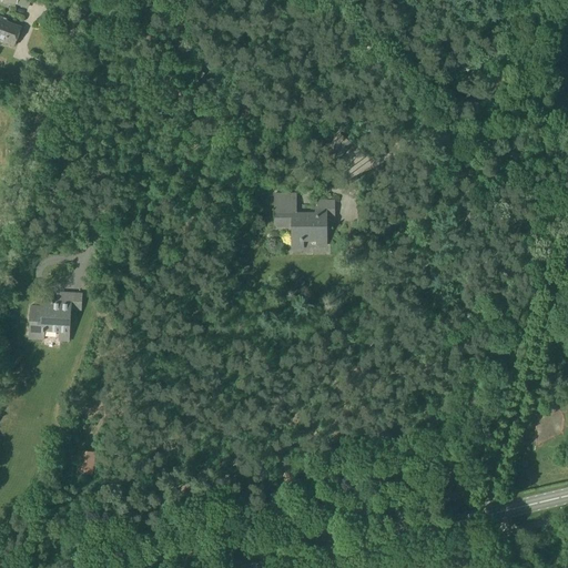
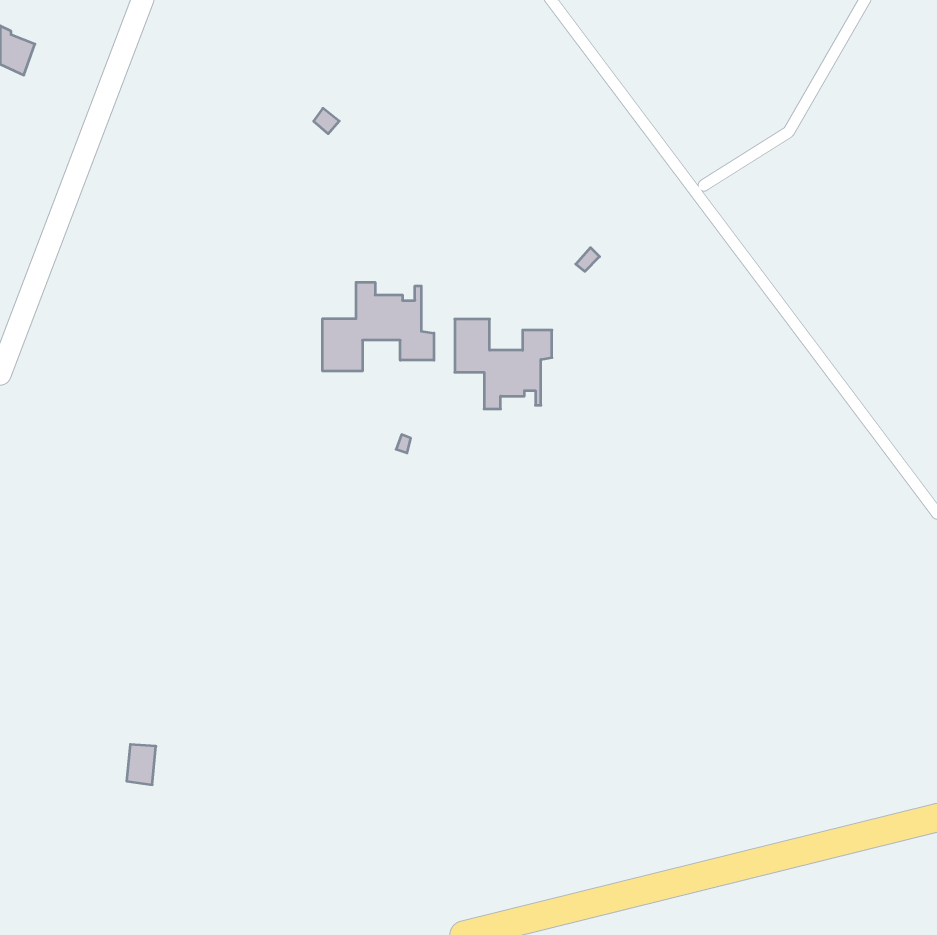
building: none -> [323,282,434,371]
building: [30,293,81,338] -> none

